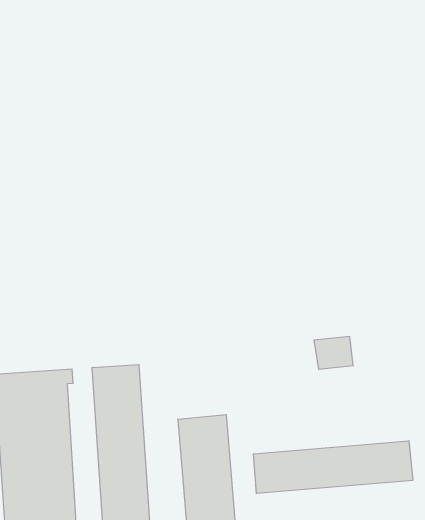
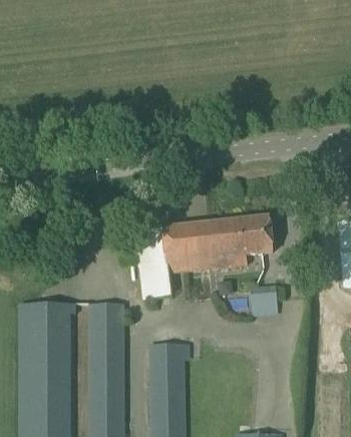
building: none -> [136,215,274,299]
building: [254,441,413,494] -> none

